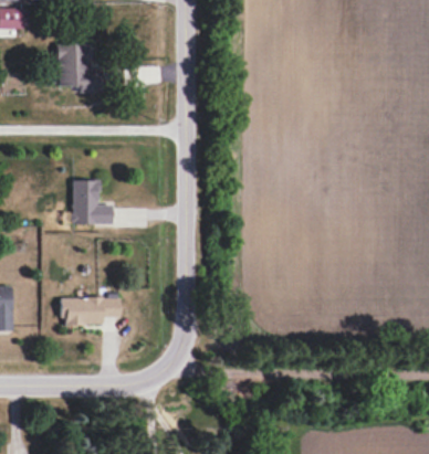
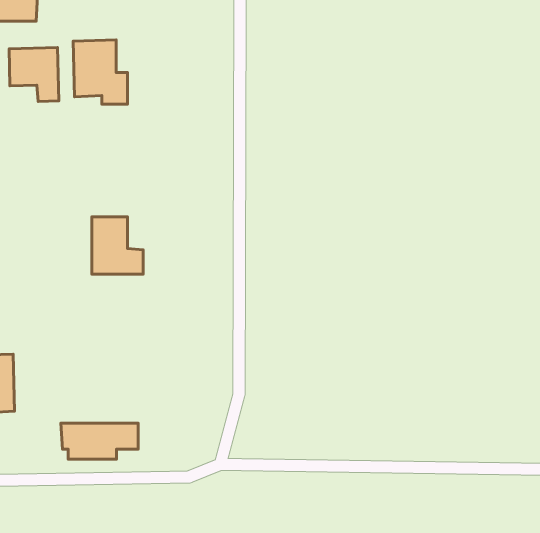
building: none -> [9,47,59,101]
building: [60,298,119,326] -> [61,423,138,459]

